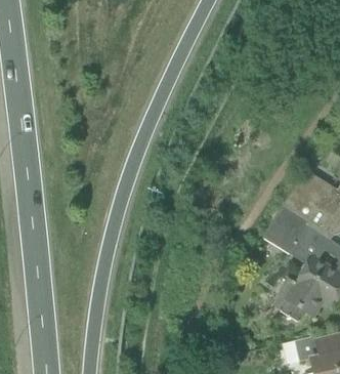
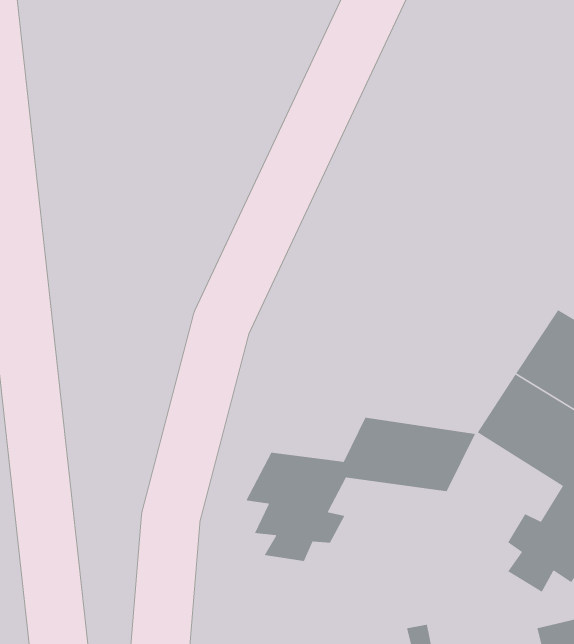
building: none -> [245,417,476,562]

